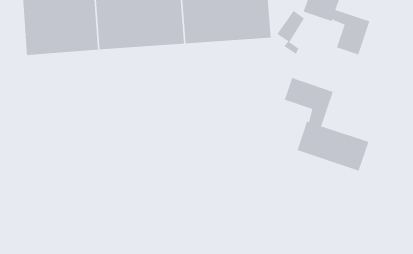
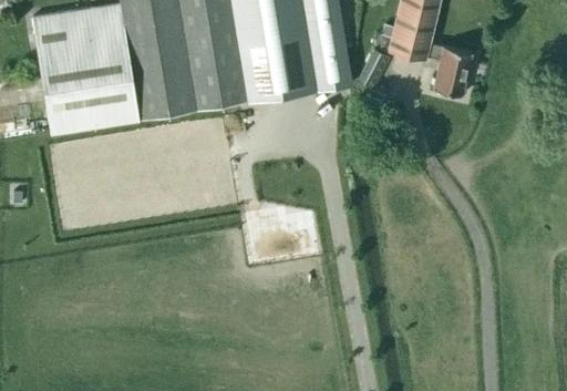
building: [284,77,369,171] -> none

